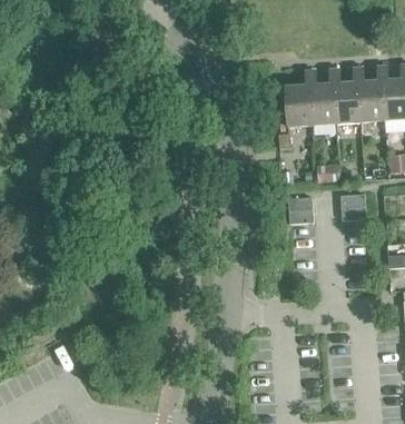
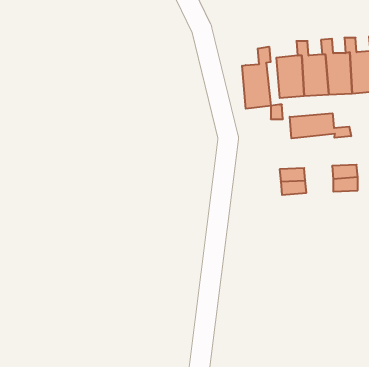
building: none -> [242,47,271,109]
building: none -> [290,113,351,138]

